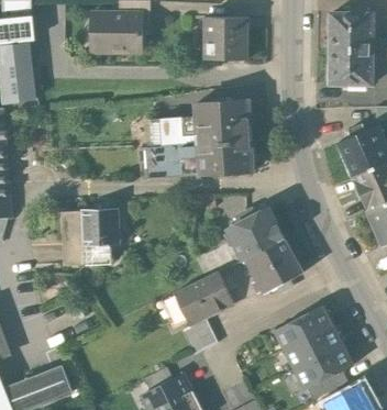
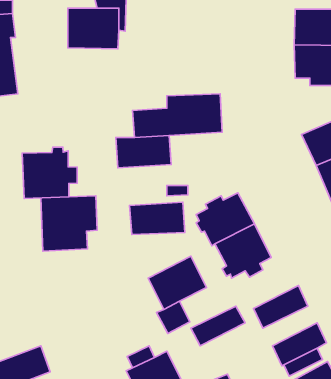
building: [202,16,247,60] -> none
building: [195,141,253,175] -> [130,202,185,235]
building: none -> [22,147,77,199]
building: [294,324,351,366] -> [191,306,245,346]

